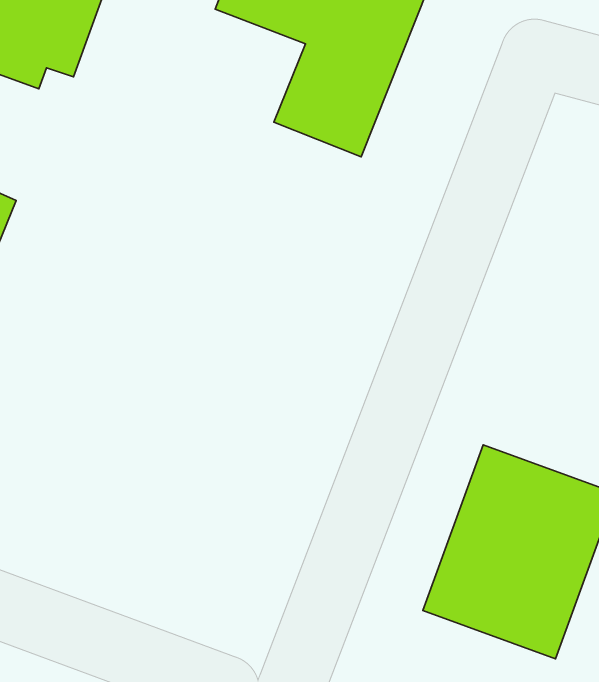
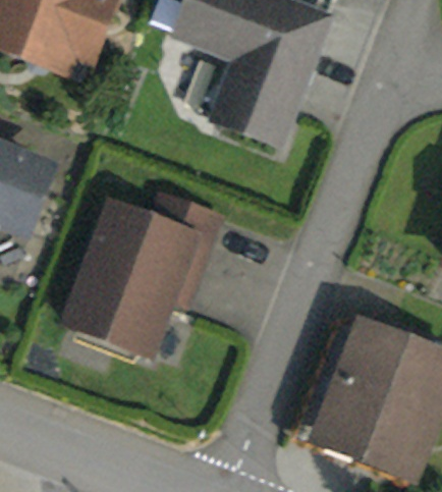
building: none -> [66,205,214,358]

